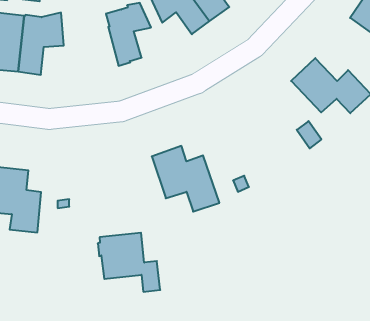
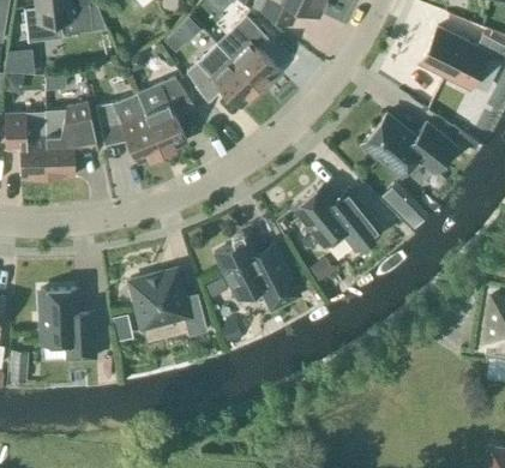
building: none -> [96,92,162,163]
building: none -> [294,184,381,252]
building: [98,233,160,292] -> [128,269,208,336]

